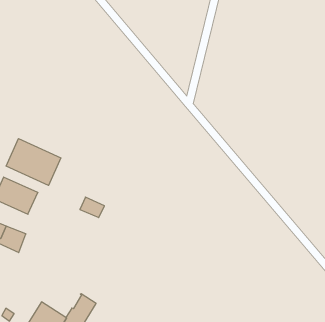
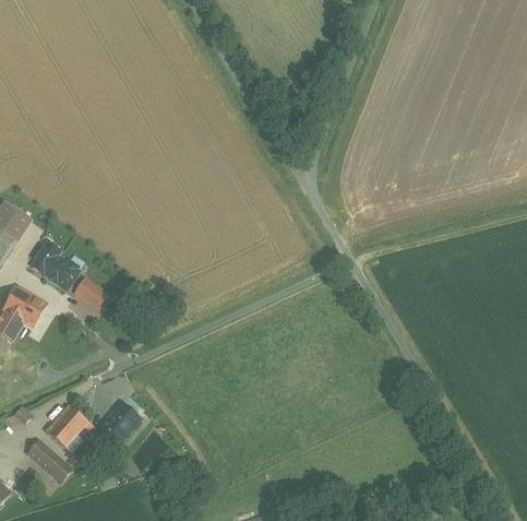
building: [6,139,61,185] -> none
building: [80,197,104,218] -> [73,277,106,307]

